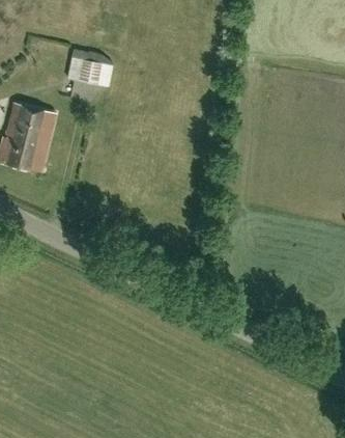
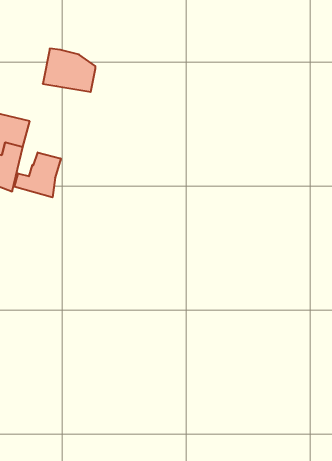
building: none -> [15,152,61,197]

